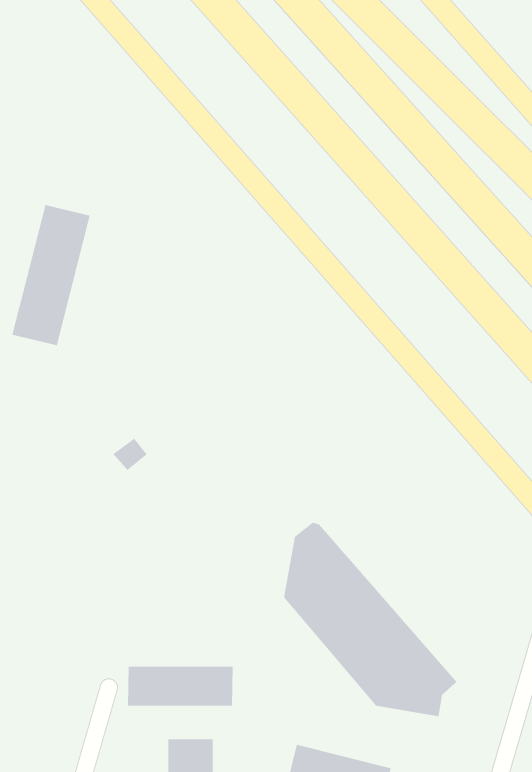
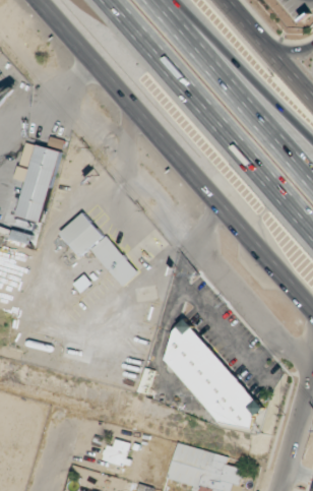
building: none -> [56,210,135,286]
building: [128,666,233,707] -> none

